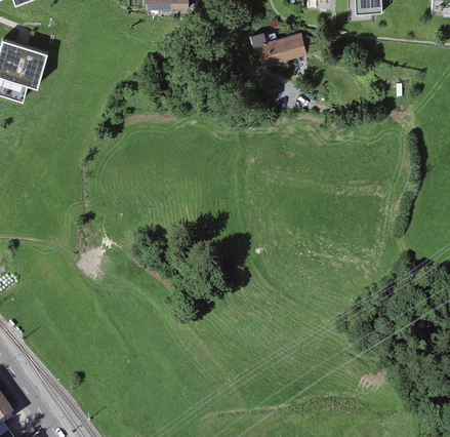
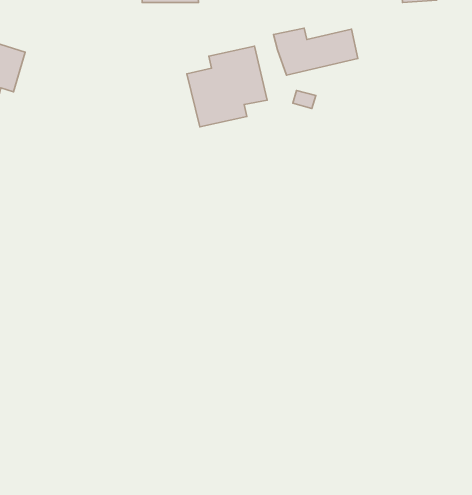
building: none -> [187,46,267,127]

